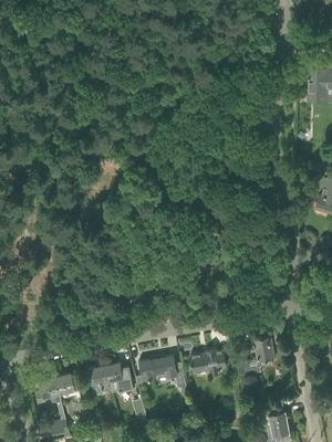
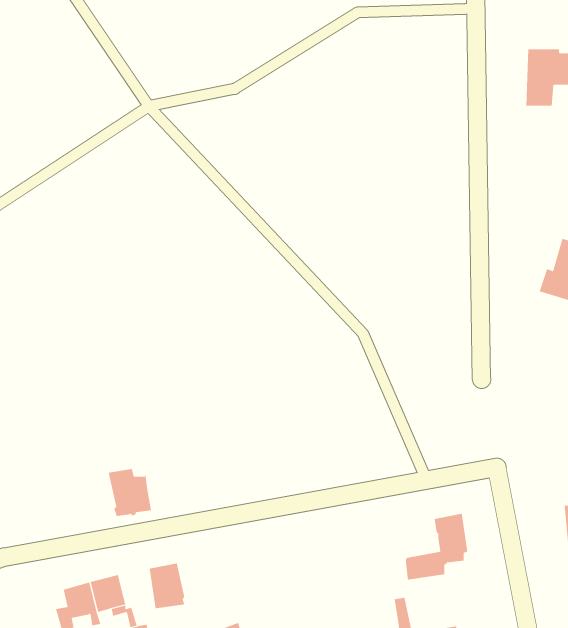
building: [190,349,226,375] -> none
building: [138,356,183,380] -> none
building: [105,364,131,391] -> [108,469,152,516]

